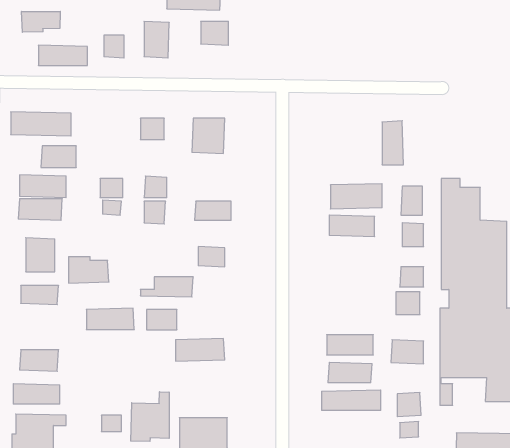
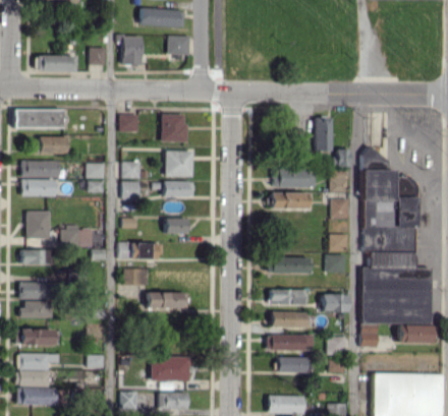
building: [22,11,60,32] -> none
building: none -> [165,151,193,176]
building: none -> [267,256,311,274]
building: [86,308,134,330] -> [20,282,59,299]
building: [131,392,169,441] -> none
building: none -> [278,357,305,372]

